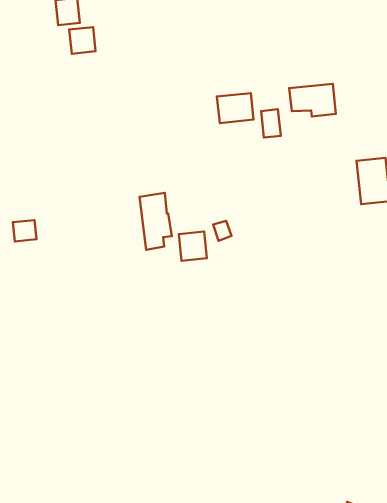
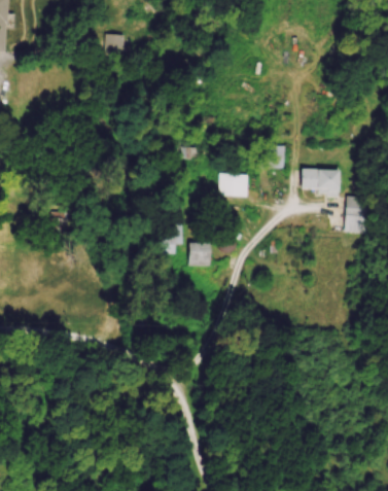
building: [69,27,96,54] -> none
building: [289,84,336,116] -> [302,170,339,196]
building: [217,93,254,123] -> [218,174,247,197]

